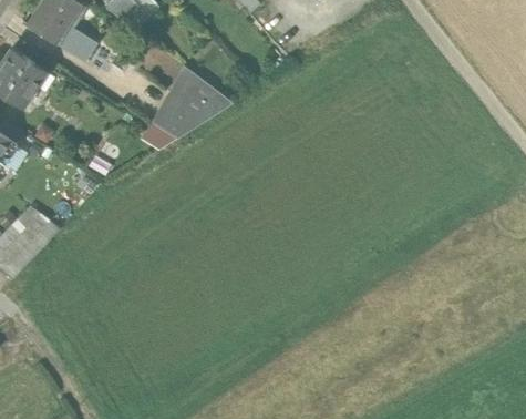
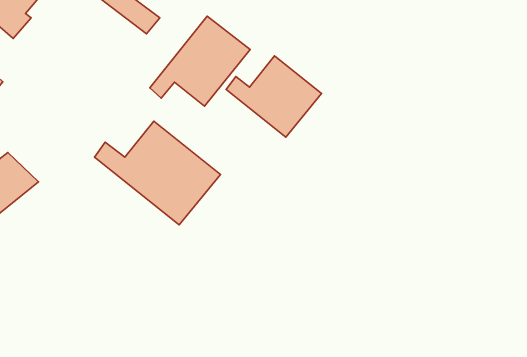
building: none -> [226,56,322,137]
building: none -> [94,121,221,225]

